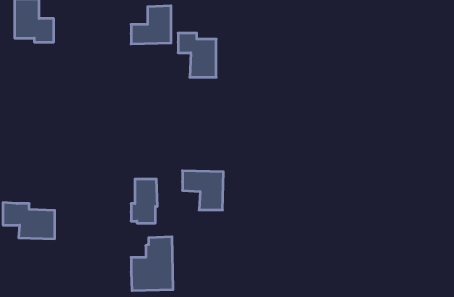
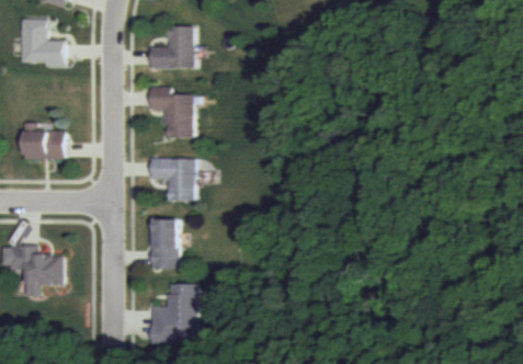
building: [178,33,216,77] -> [150,87,193,136]
building: none -> [20,122,62,158]
building: [182,171,223,210] -> [148,157,194,201]

